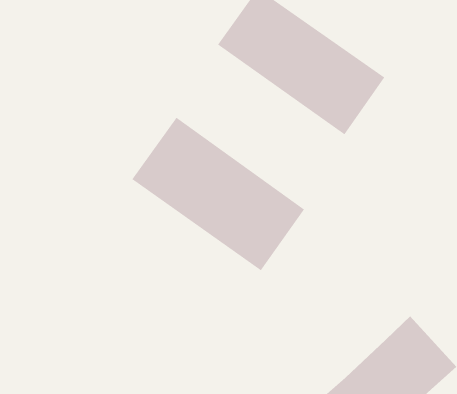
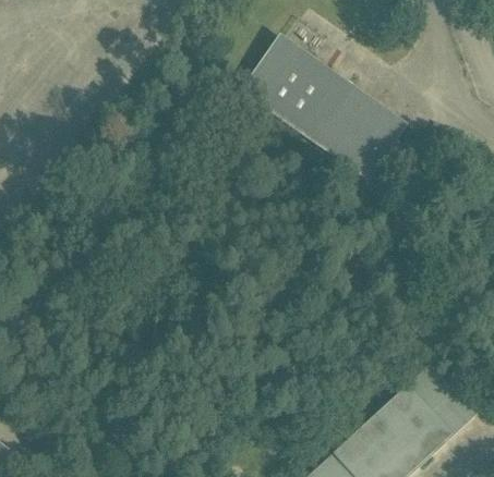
building: [131,117,305,271] -> none

